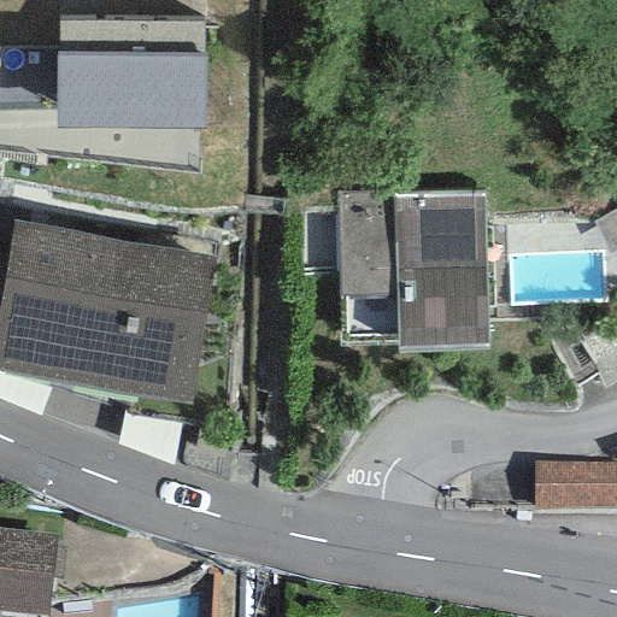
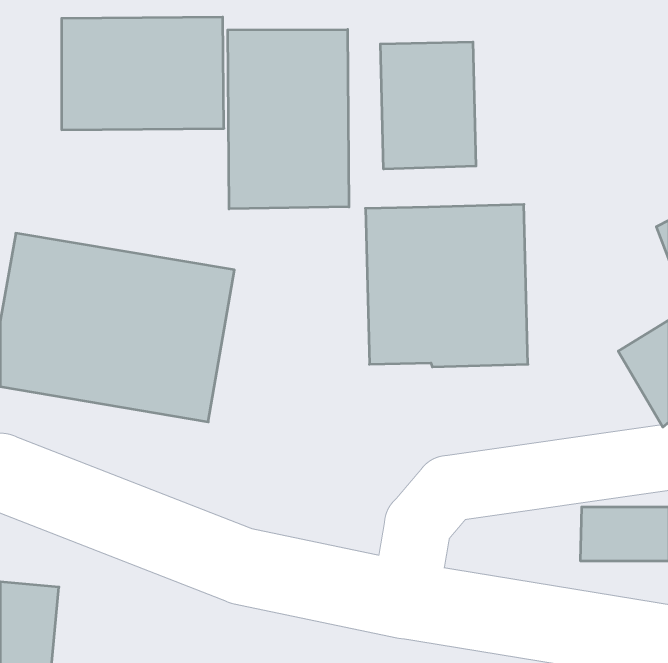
building: none -> [228,29,349,209]
building: none -> [380,42,476,169]

